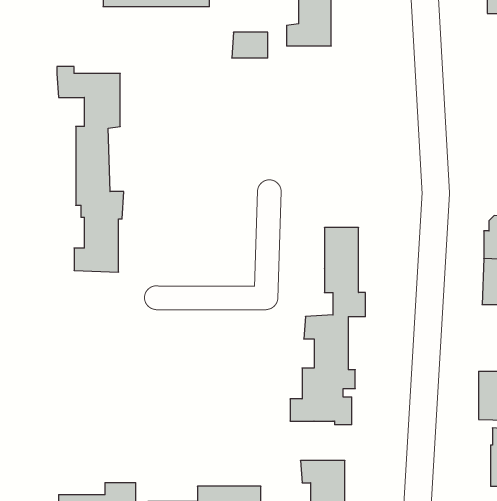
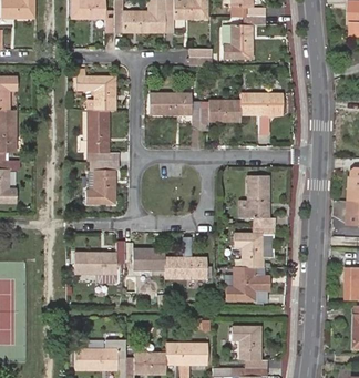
building: none -> [148,92,281,134]
building: none -> [73,237,209,279]

